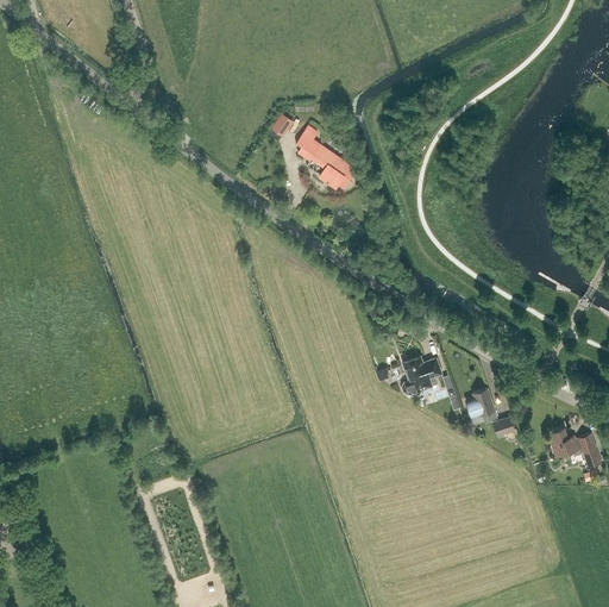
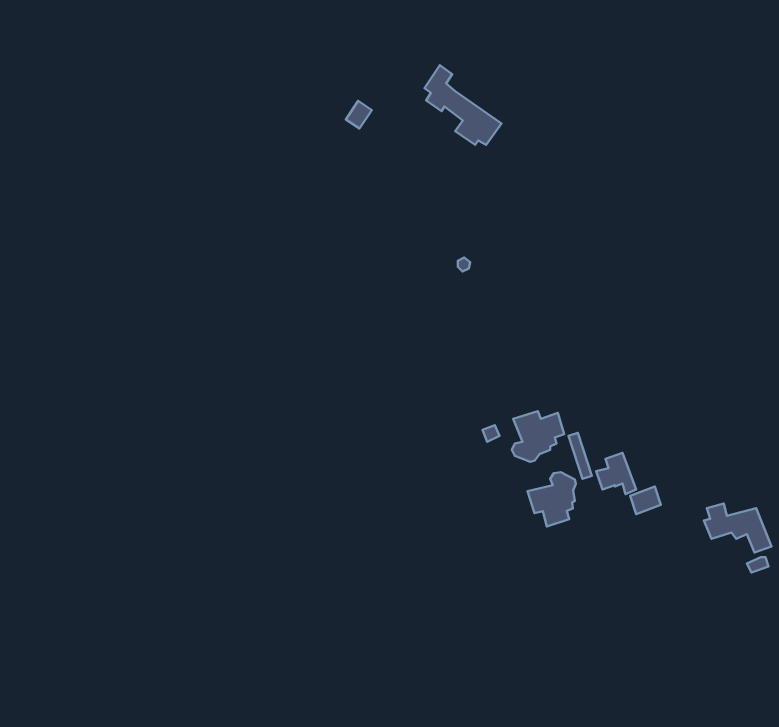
building: [296,125,356,187] -> [425,65,501,145]
building: none -> [528,472,576,527]

